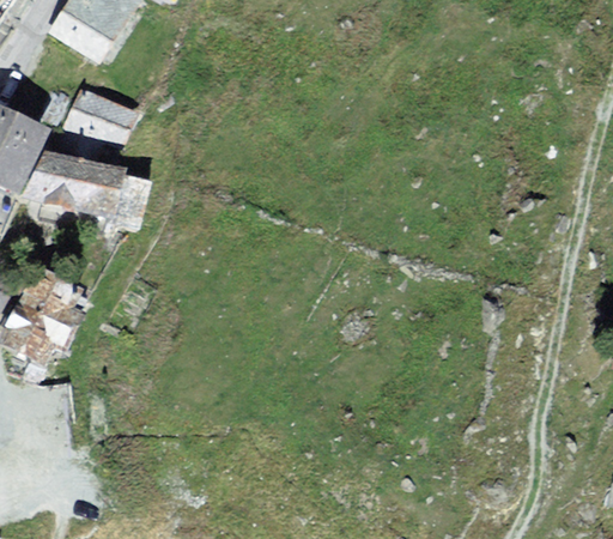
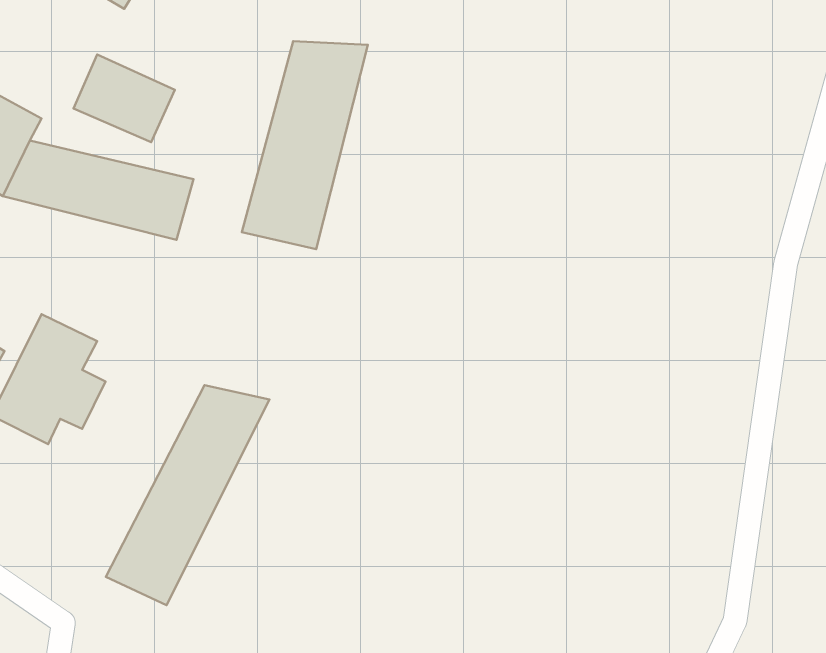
building: none -> [242,41,368,249]
building: none -> [106,385,269,605]

